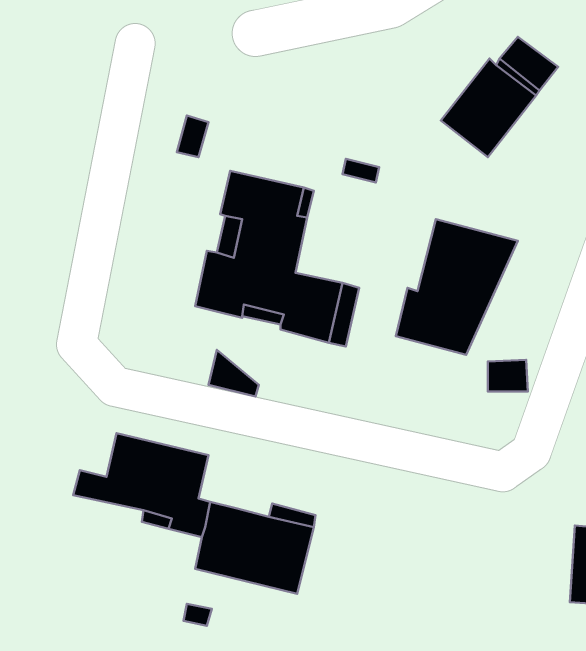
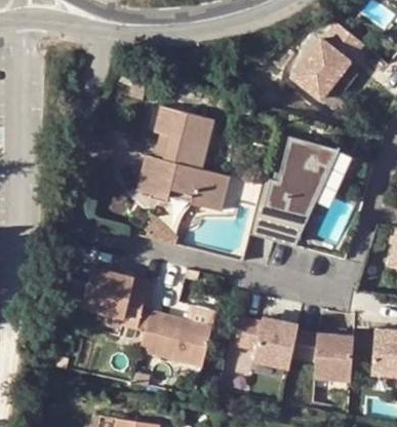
building: none -> [250,178,308,245]
building: none -> [235,323,353,387]

